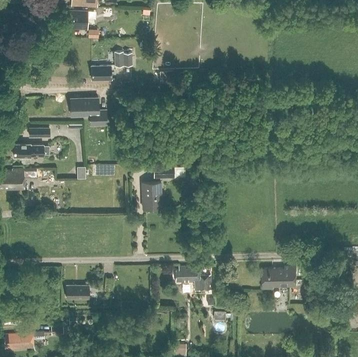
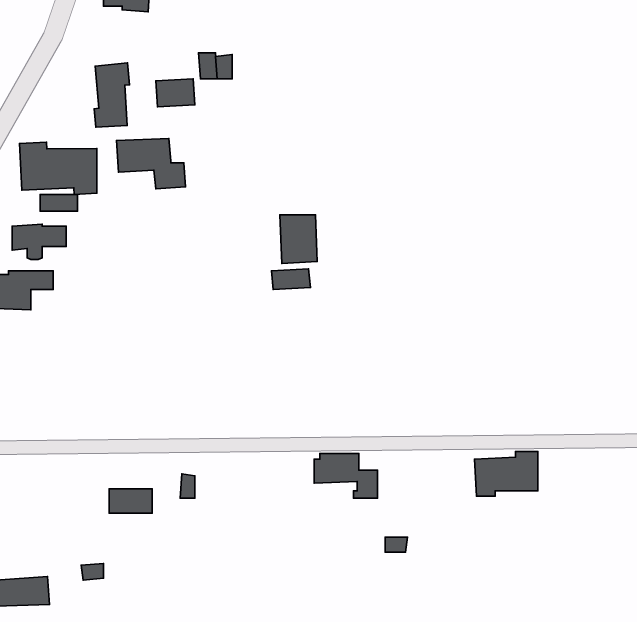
building: none -> [94,63,130,127]
building: none -> [19,142,97,194]
building: [141,182,161,208] -> [280,215,317,263]

